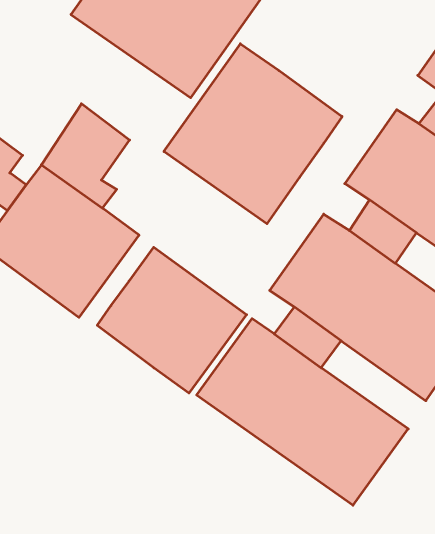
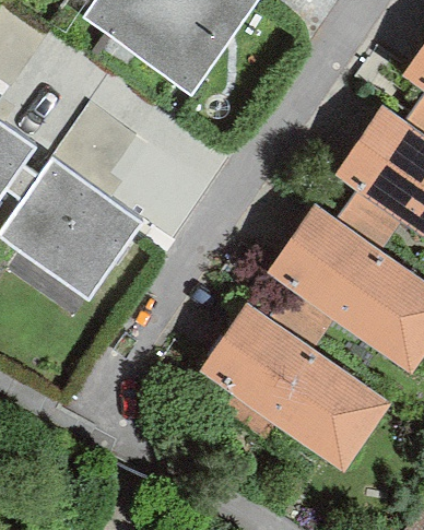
building: [164,44,342,224] -> none
building: [97,247,247,393] -> none

